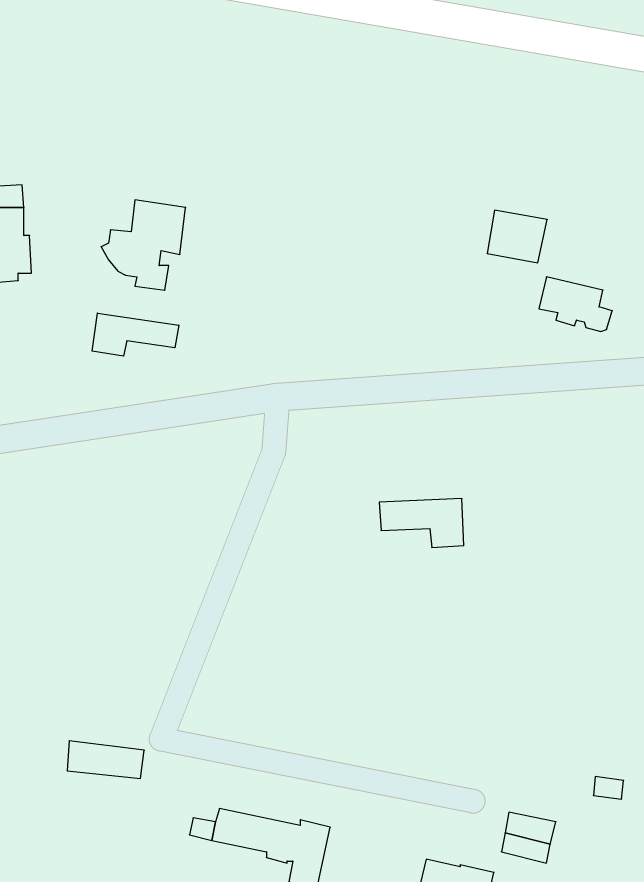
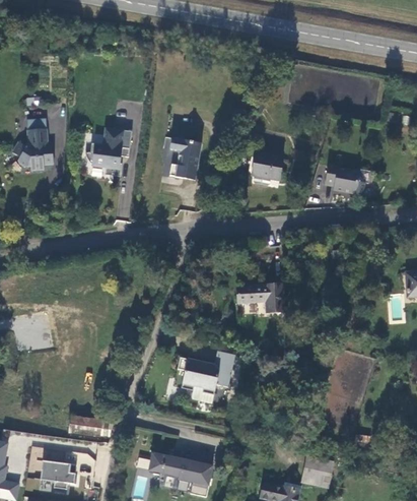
building: [487,210,547,263] -> [251,152,283,181]
building: none -> [169,139,202,181]
building: [92,313,179,356] -> none
building: none -> [176,354,235,397]
building: none -> [40,462,75,489]

